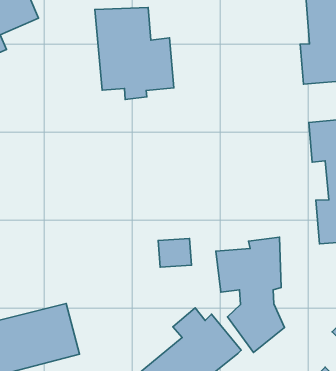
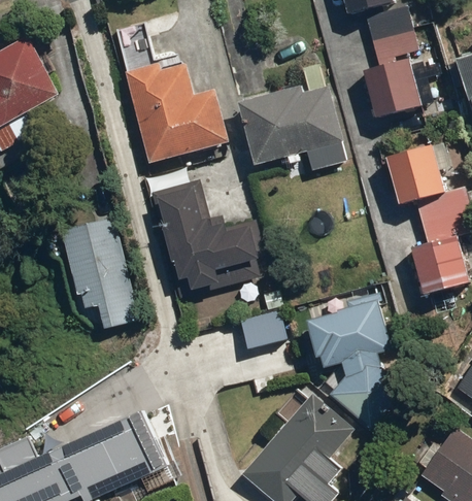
building: none -> [238,86,347,173]
building: none -> [150,181,260,291]
building: none -> [61,216,137,330]

